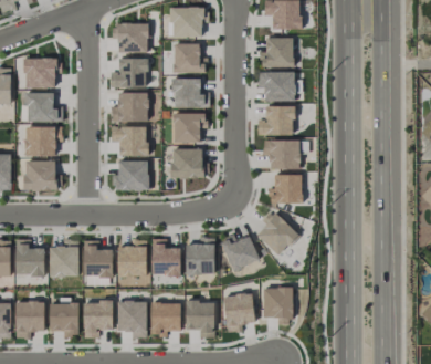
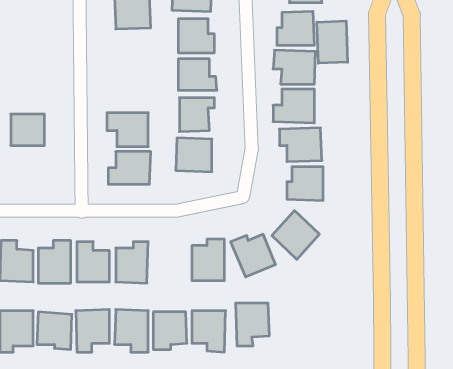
building: none -> [317,21,348,63]
building: [24,58,56,87] -> none
building: [111,58,147,87] -> none
building: [27,92,59,122] -> none
building: [112,92,148,121] -> none
building: [23,160,56,190] -> none
building: [151,238,181,275] -> none
building: [263,288,293,322] -> none

